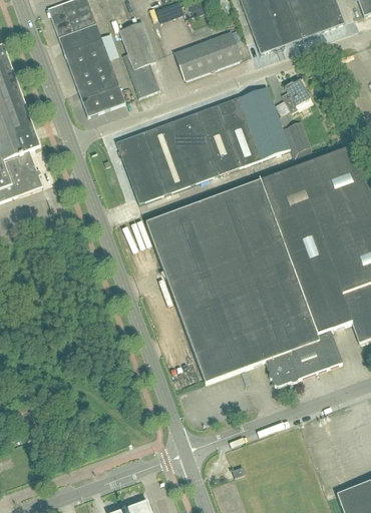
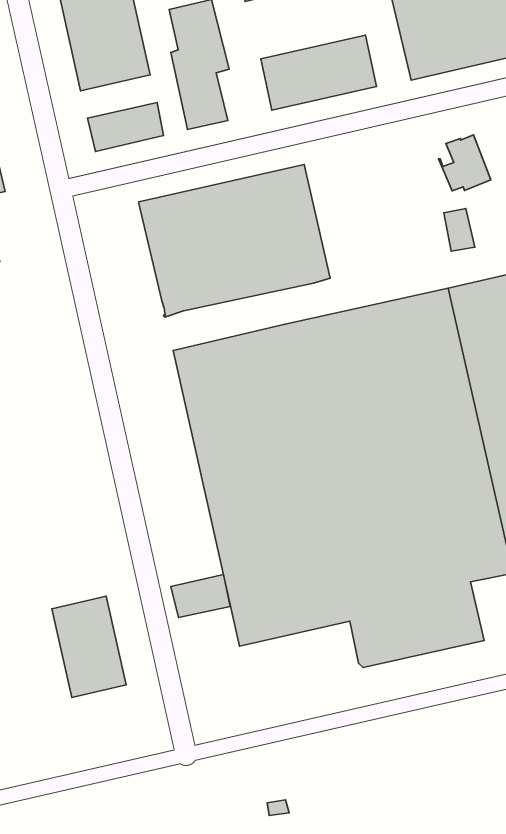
building: [75,68,119,97] -> none
building: [207,86,290,169] -> none
building: none -> [171,574,230,617]
building: none -> [52,596,126,698]

